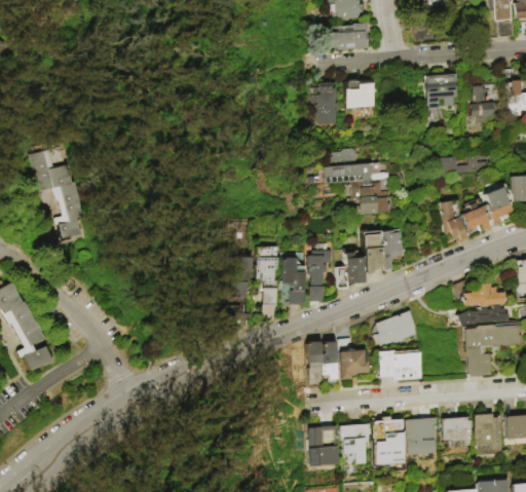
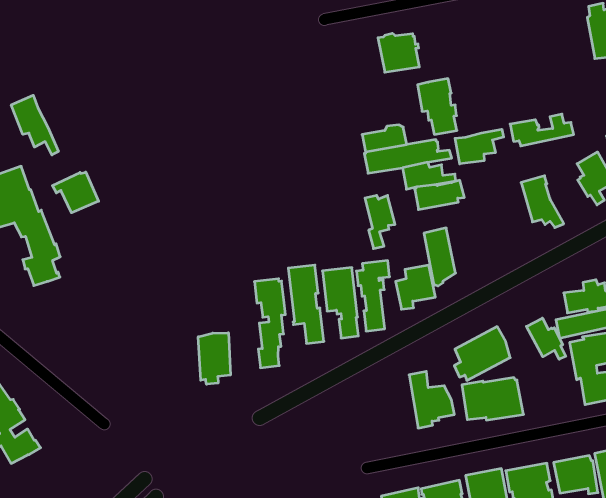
building: [424,73,458,105] -> none
building: [311,83,338,124] -> [418,79,457,134]
building: [467,84,500,118] -> none
building: none -> [11,95,58,155]
building: none -> [52,172,99,213]
building: none -> [455,129,504,164]
building: [462,198,491,231] -> none
building: [383,231,404,271] -> [365,195,395,249]
building: none -> [198,333,230,384]
building: none -> [526,318,566,359]
building: [307,341,338,380] -> none

